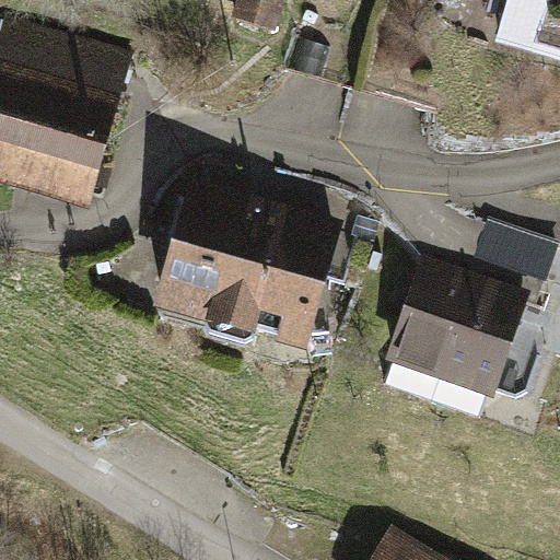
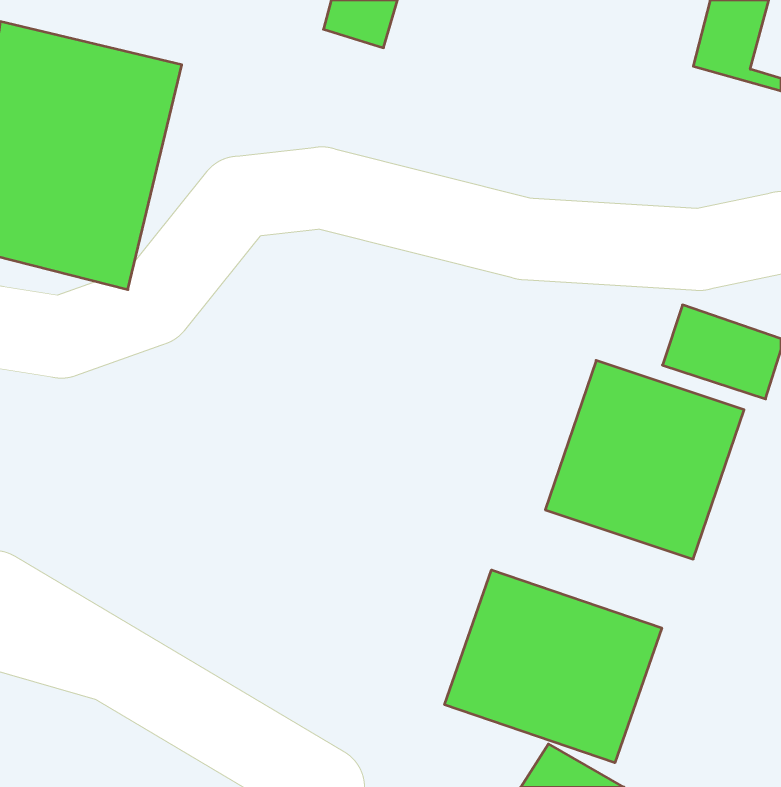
building: [154,179,343,353] -> none
building: none -> [445,570,662,763]

